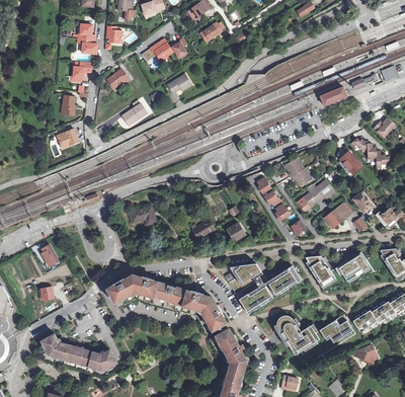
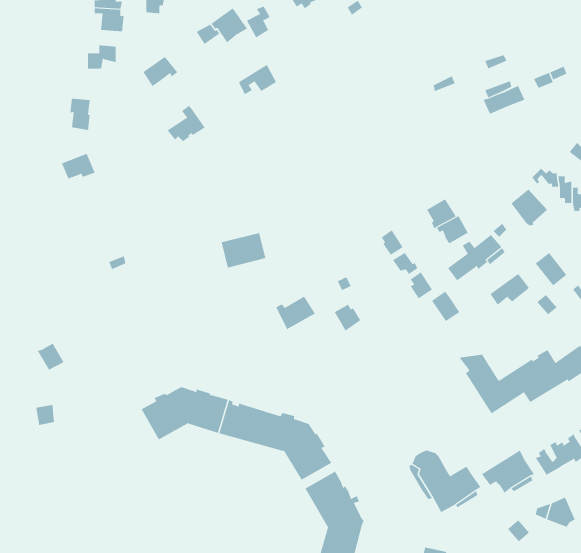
building: [128,206,156,228] -> [221,232,266,268]
building: [224,263,303,314] -> none
building: [40,333,116,370] -> none

